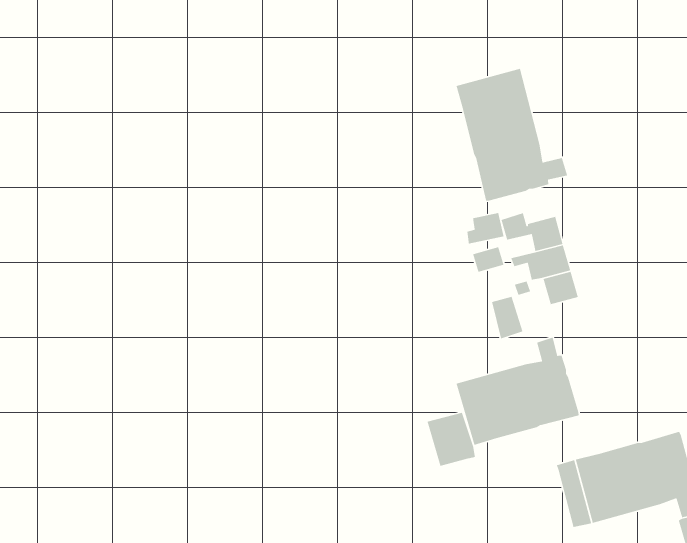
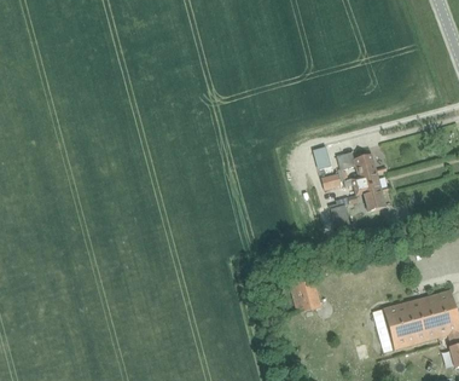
building: [455,68,568,201] -> none
building: [456,336,580,446] -> none

